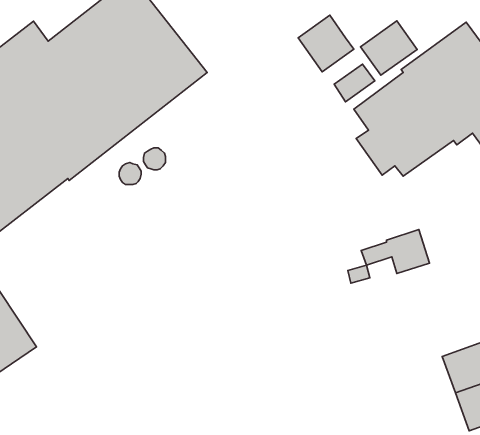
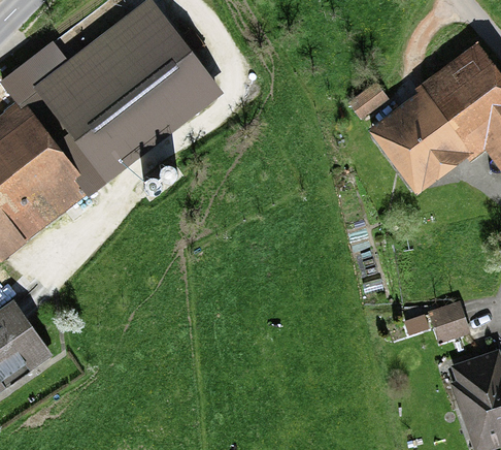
building: [298,15,354,72] -> none
building: [361,21,417,75] -> none
building: [361,230,429,274] -> [403,301,470,345]

